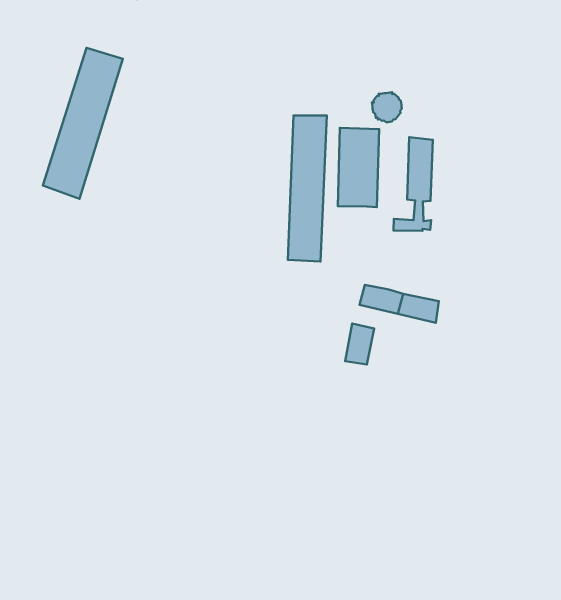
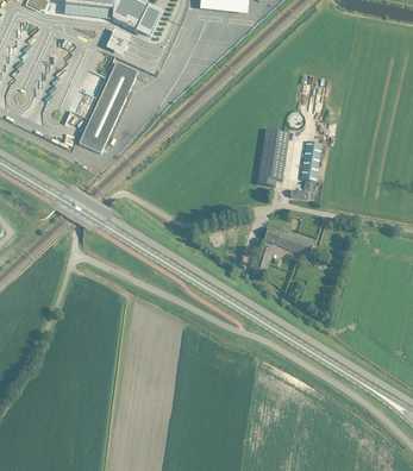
building: [288,115,327,261] -> none

